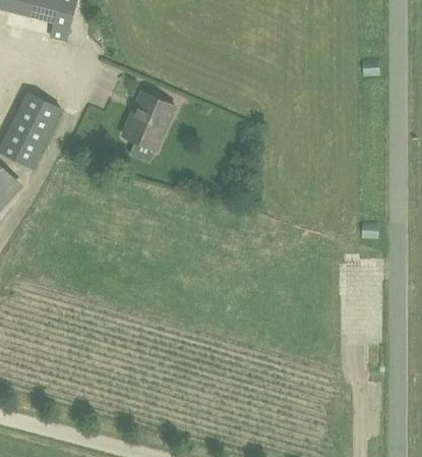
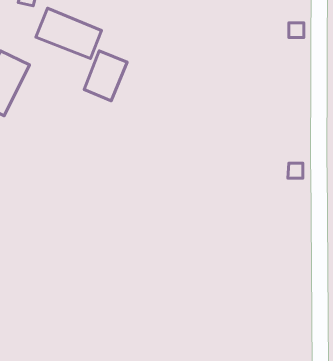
building: none -> [36,8,102,59]

